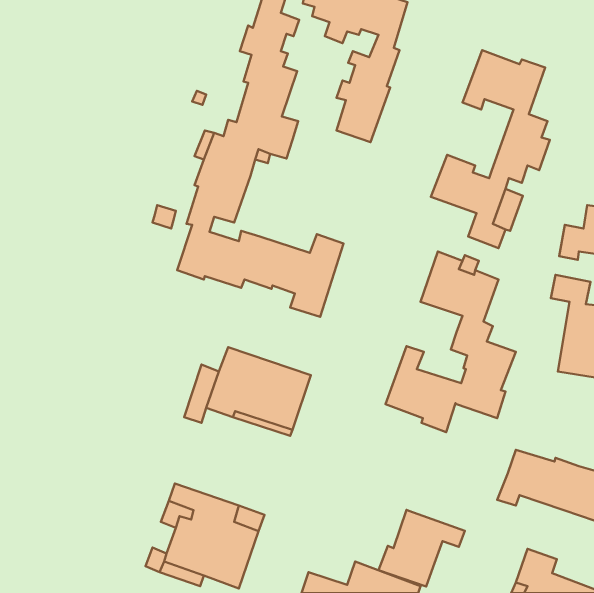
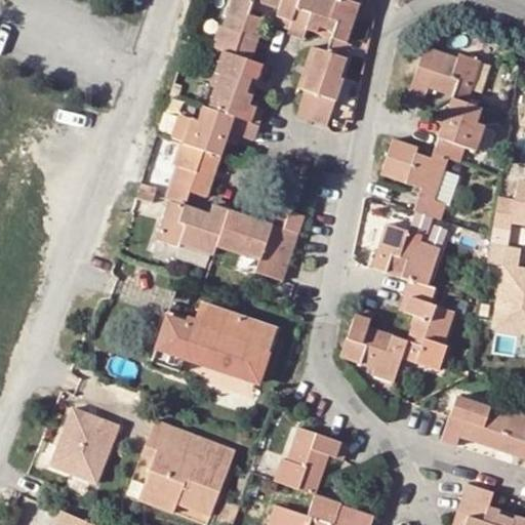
building: none -> [51,416,119,491]
building: [379,510,465,587] -> [272,427,348,494]

